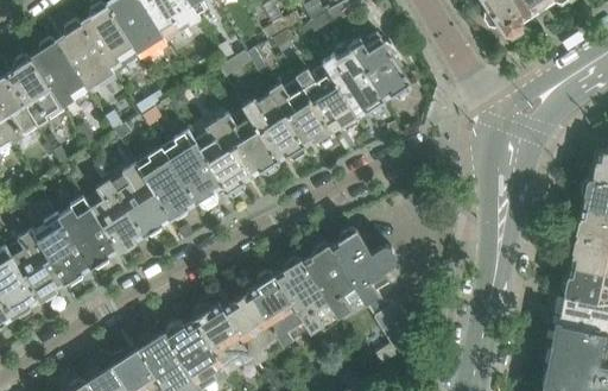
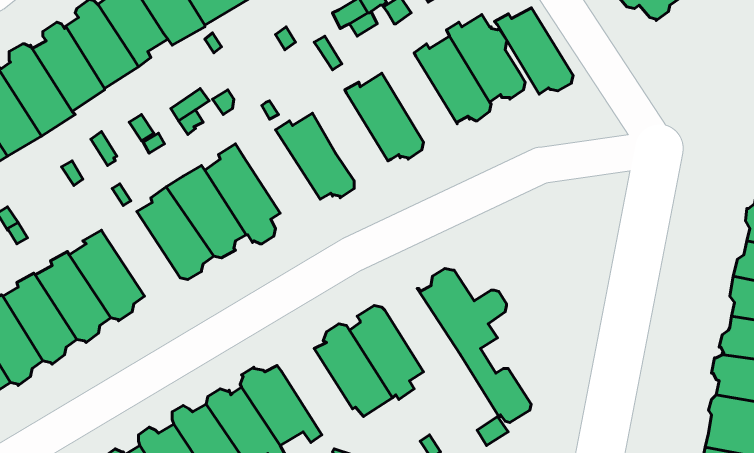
building: [298,64,359,131] -> [495,8,573,94]
building: [245,93,305,160] -> none
building: [194,121,253,195] -> none
building: [86,182,145,252] -> none
building: [303,241,361,314] -> none
building: [223,288,278,361] -> none

